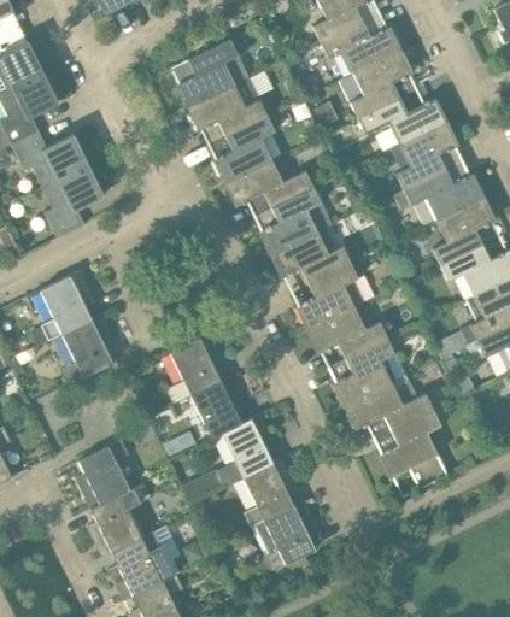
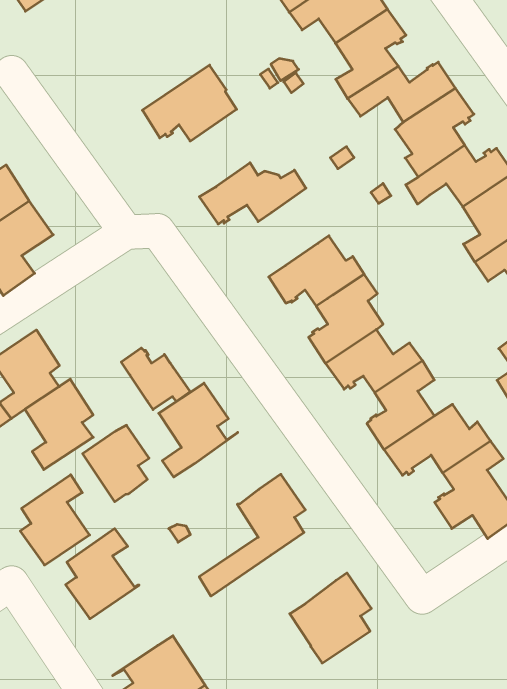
building: [171,39,248,105] -> none
building: [215,114,274,181] -> none
building: [260,186,332,253] -> none
building: none -> [121,348,190,410]
building: [192,377,245,437] -> [83,425,149,502]
building: [244,458,297,527] -> none
building: [87,487,142,557] -> [20,475,90,565]

